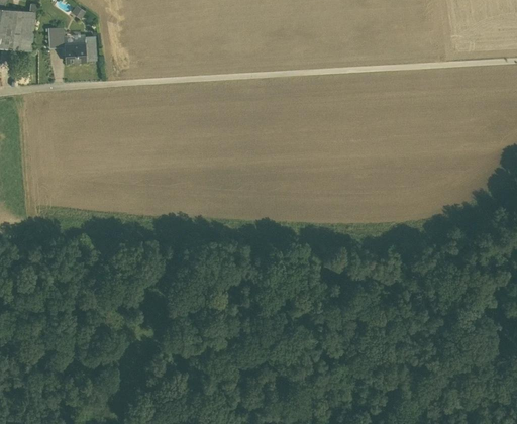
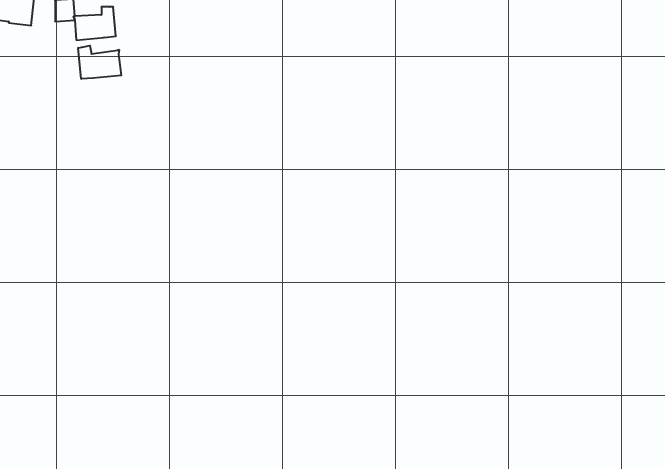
building: none -> [78,46,121,79]

